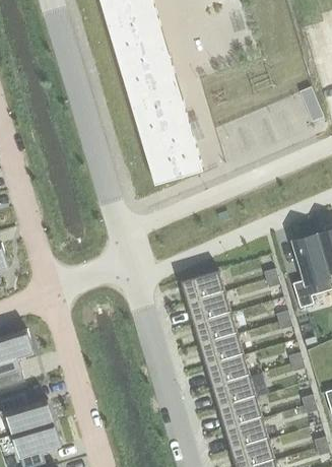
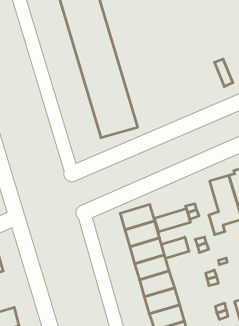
building: none -> [155,209,190,232]
building: none -> [161,237,189,258]

